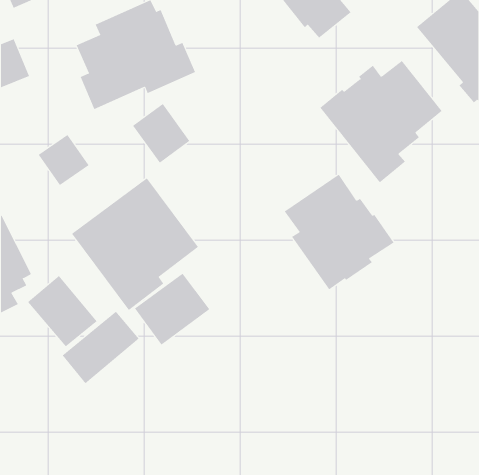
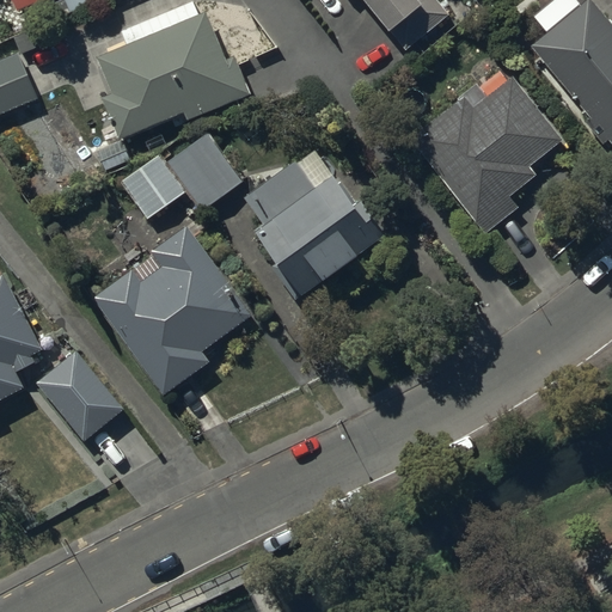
building: [38,134,89,186] -> [120,152,185,218]
building: [284,174,394,290] -> [244,151,385,299]
building: [134,273,210,346] -> none
building: [62,311,140,384] -> none

